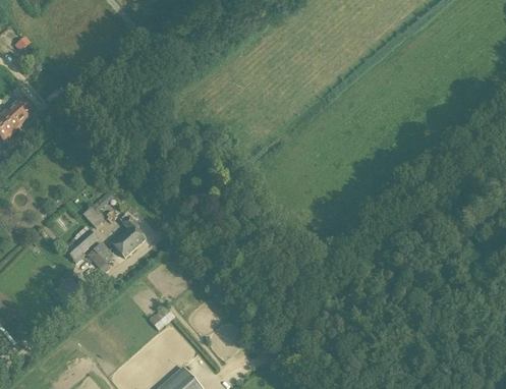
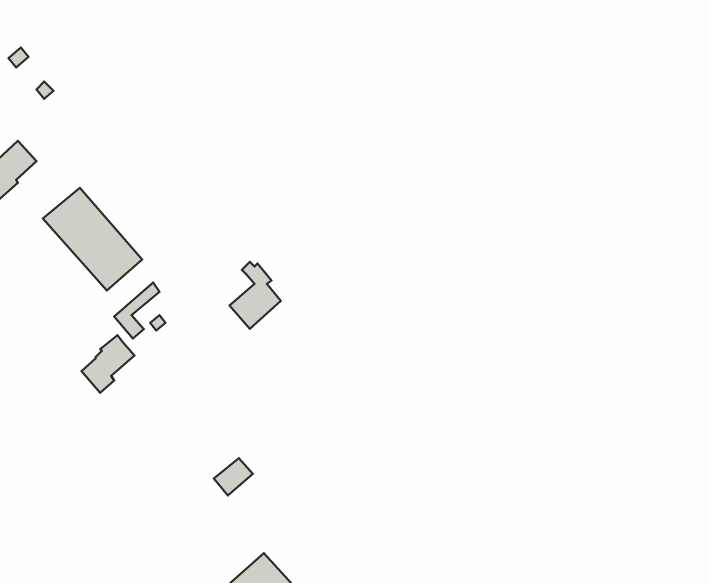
building: none -> [43,188,142,291]
building: [112,214,146,258] -> [230,262,281,329]
building: [89,242,114,274] -> none

